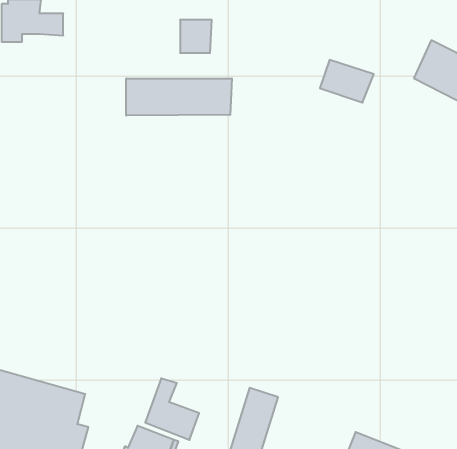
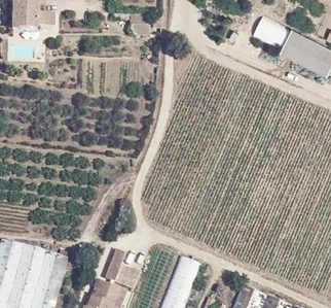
building: [320,60,374,103] -> [252,20,287,47]
building: [126,78,232,116] -> none

